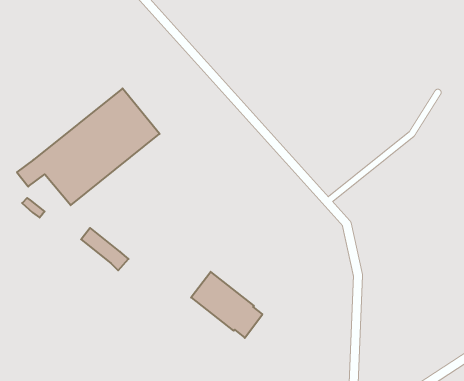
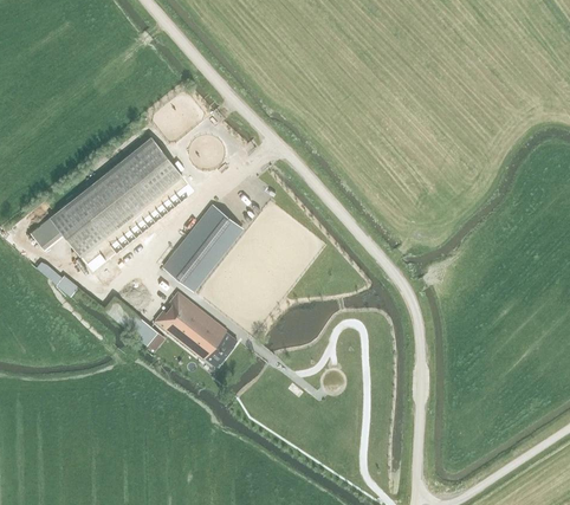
building: none -> [163,206,241,291]
building: [191,272,262,338] -> [155,292,237,368]

